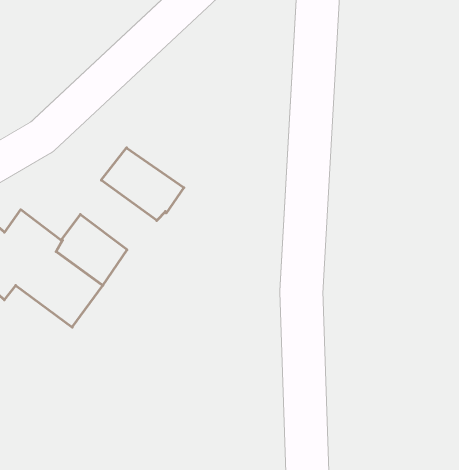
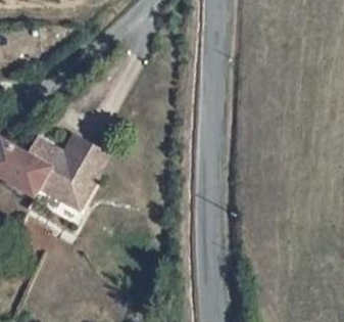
building: [101,148,184,221] -> none

